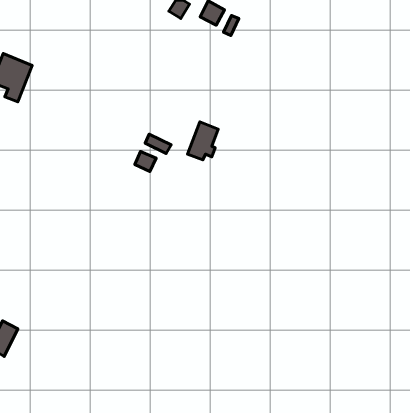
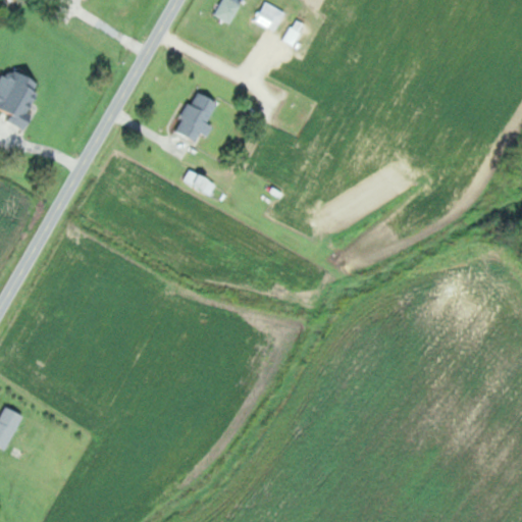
building: [188,122,218,160] -> [177,92,216,140]
building: [135,151,156,172] -> none

